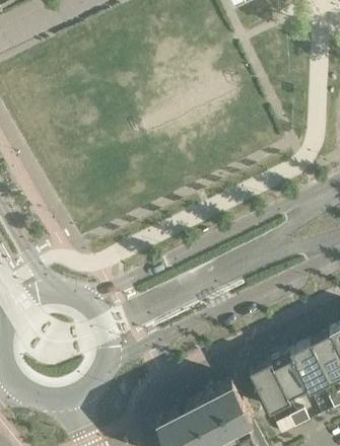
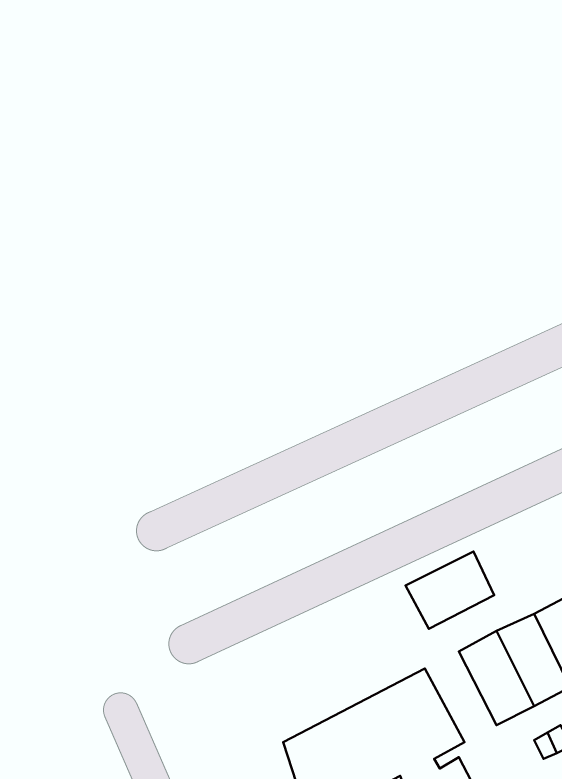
building: none -> [405,552,494,629]

